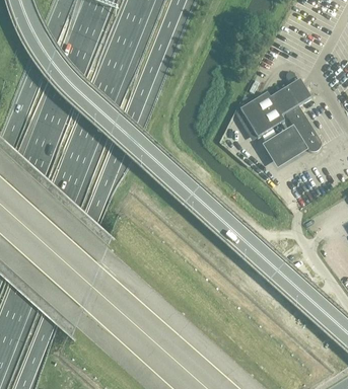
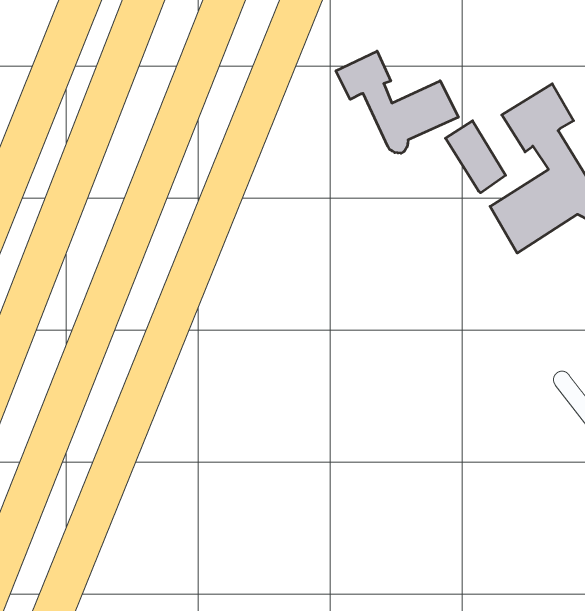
building: none -> [336,51,458,153]

